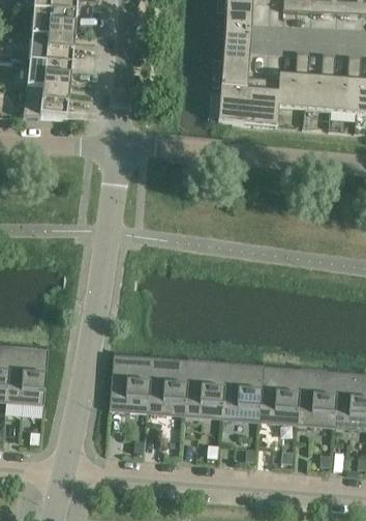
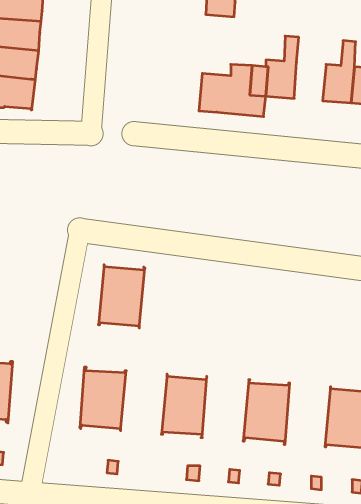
building: [220,32,249,88] -> none
building: [304,54,334,111] -> none
building: [146,357,188,415] -> [98,265,145,328]
building: [220,363,263,422] -> none
building: [296,369,337,427] -> none

